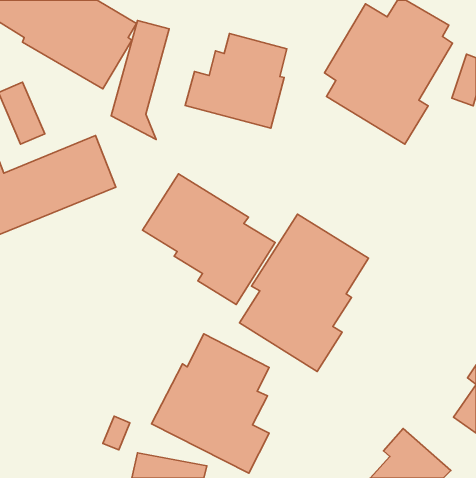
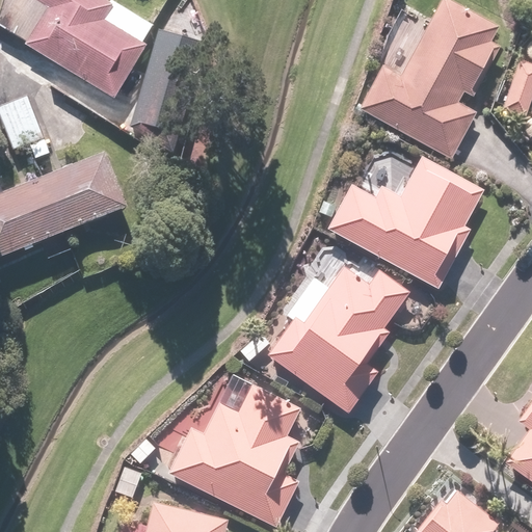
building: [185,34,287,128] -> none
building: none -> [313,143,484,289]
building: [143,174,275,304] -> none

